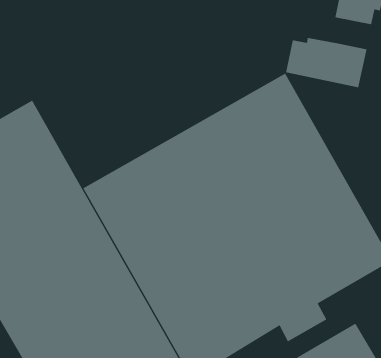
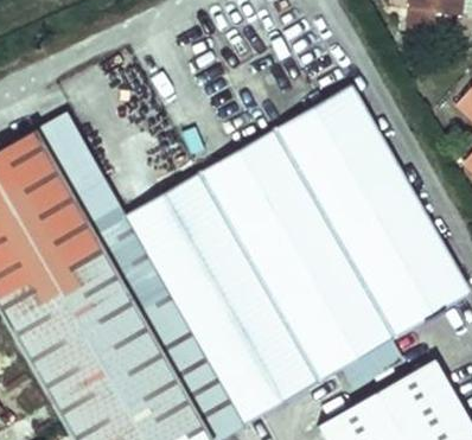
building: [285,37,367,88] -> none

